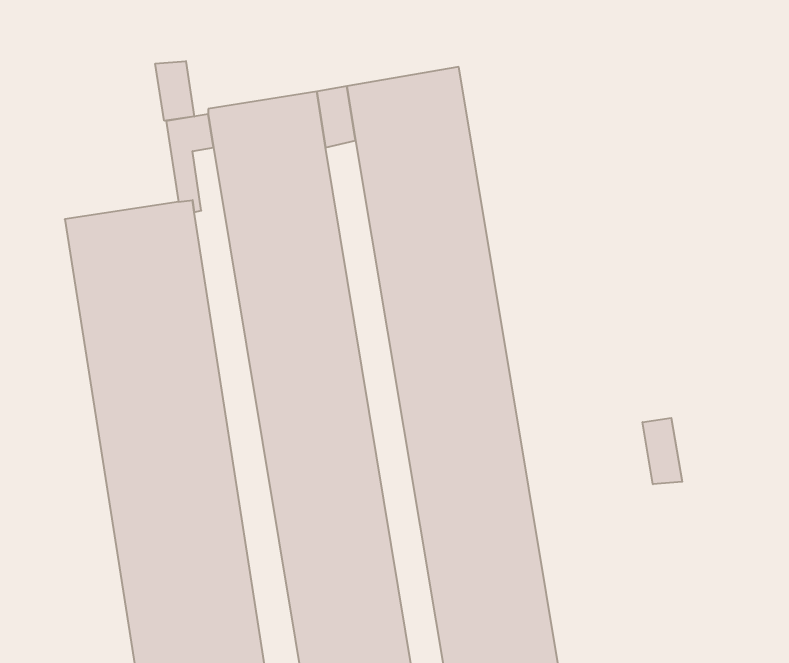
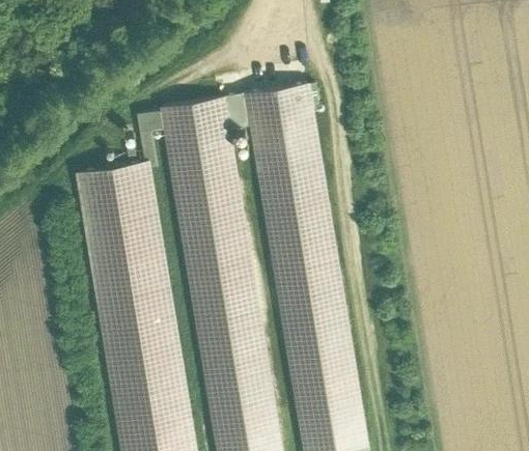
building: [155,61,194,121] -> none
building: [643,418,682,484] -> none

